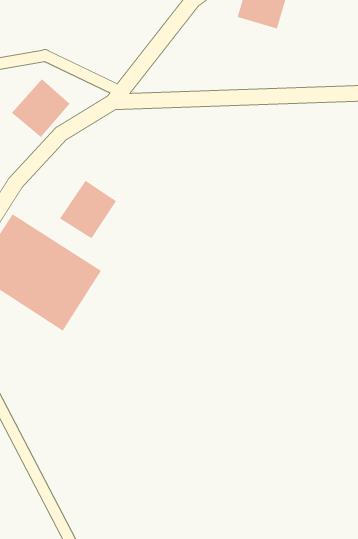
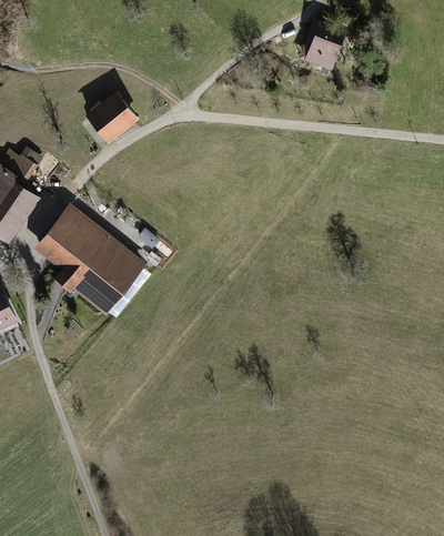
building: [59,180,117,239] -> none

